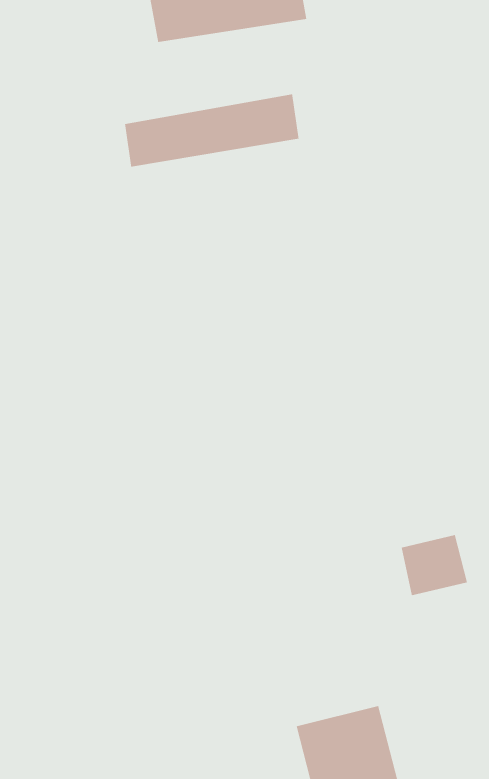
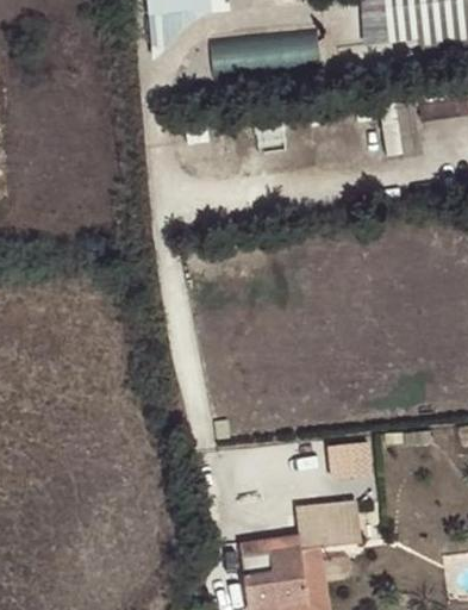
building: [124,94,299,167] -> none
building: none -> [299,503,358,547]

